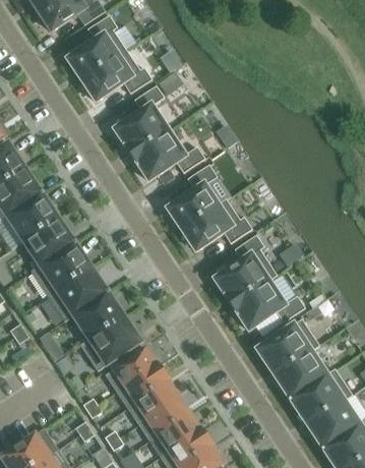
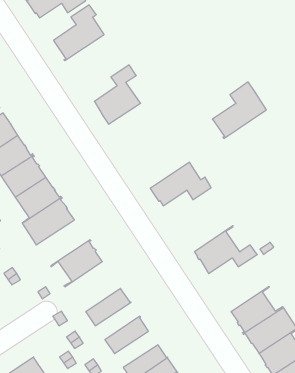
building: [80,50,151,101] -> none
building: [131,130,204,180] -> none
building: [167,164,230,230] -> [212,82,266,138]
building: [215,235,277,304] -> none
building: [47,267,110,320] -> none
building: [80,315,141,370] -> none
building: [257,319,318,374] -> none
building: [116,363,168,407] -> none
building: [138,397,189,440] -> none

